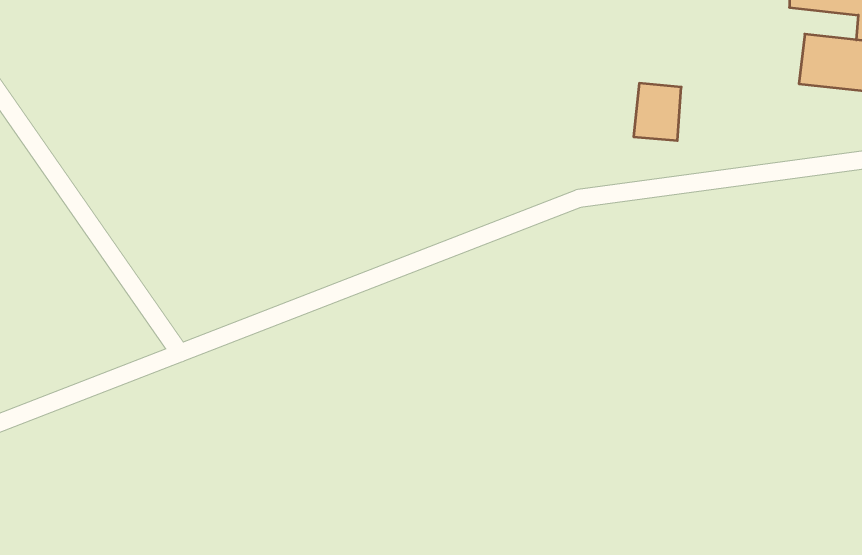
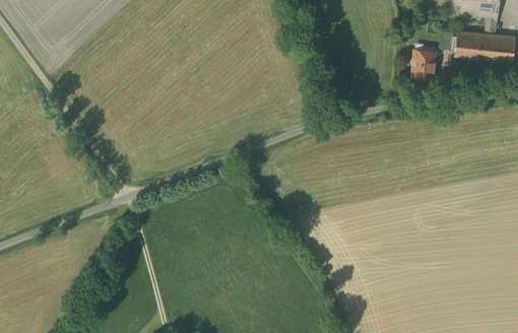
building: [634,83,681,141] -> [410,50,436,80]

